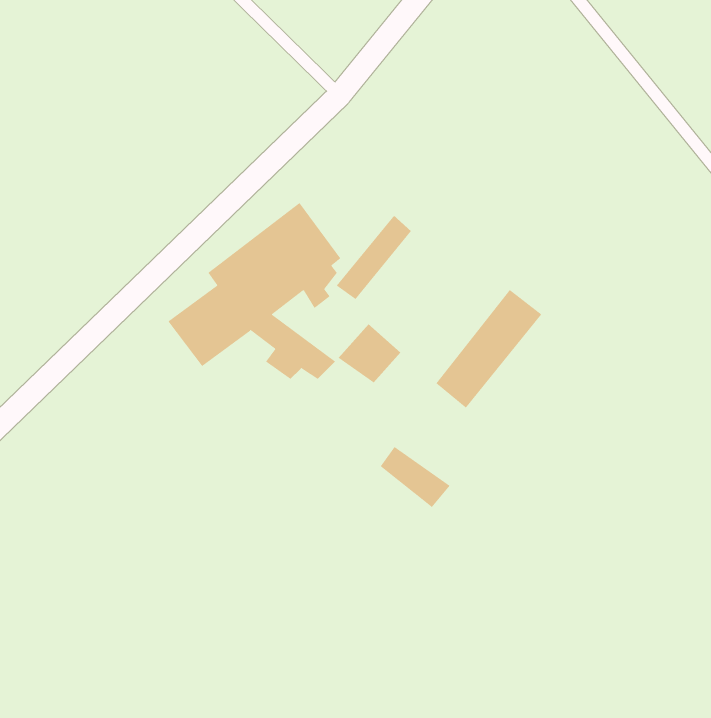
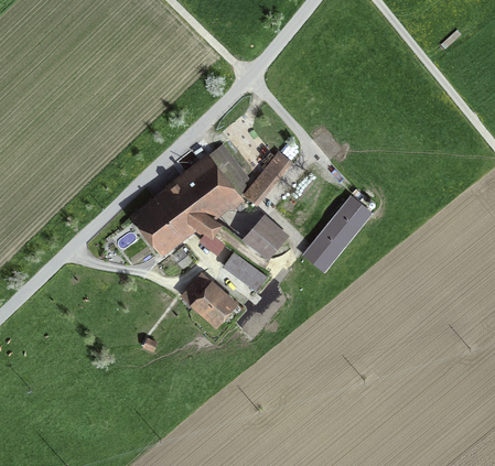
building: none -> [183,274,229,321]
building: [380,446,450,508] -> [224,253,267,291]

